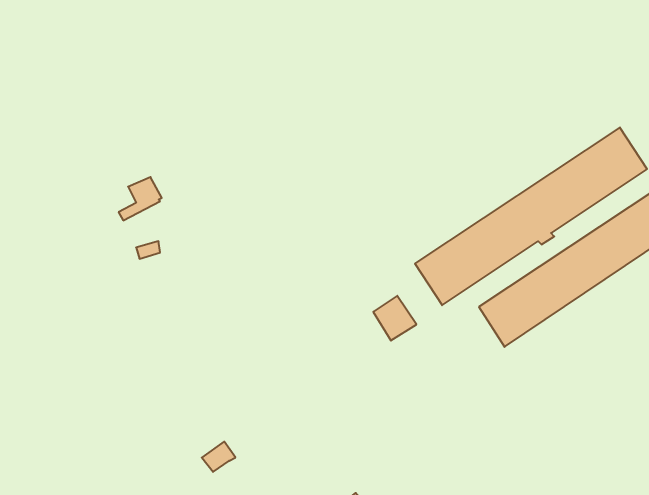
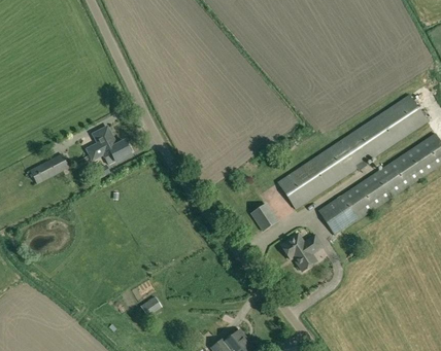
building: none -> [90,139,132,161]
building: none -> [30,152,69,182]
building: none -> [280,233,321,270]

